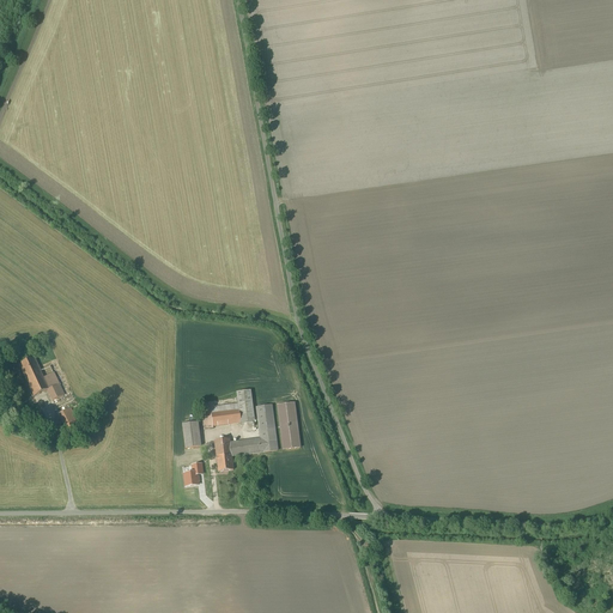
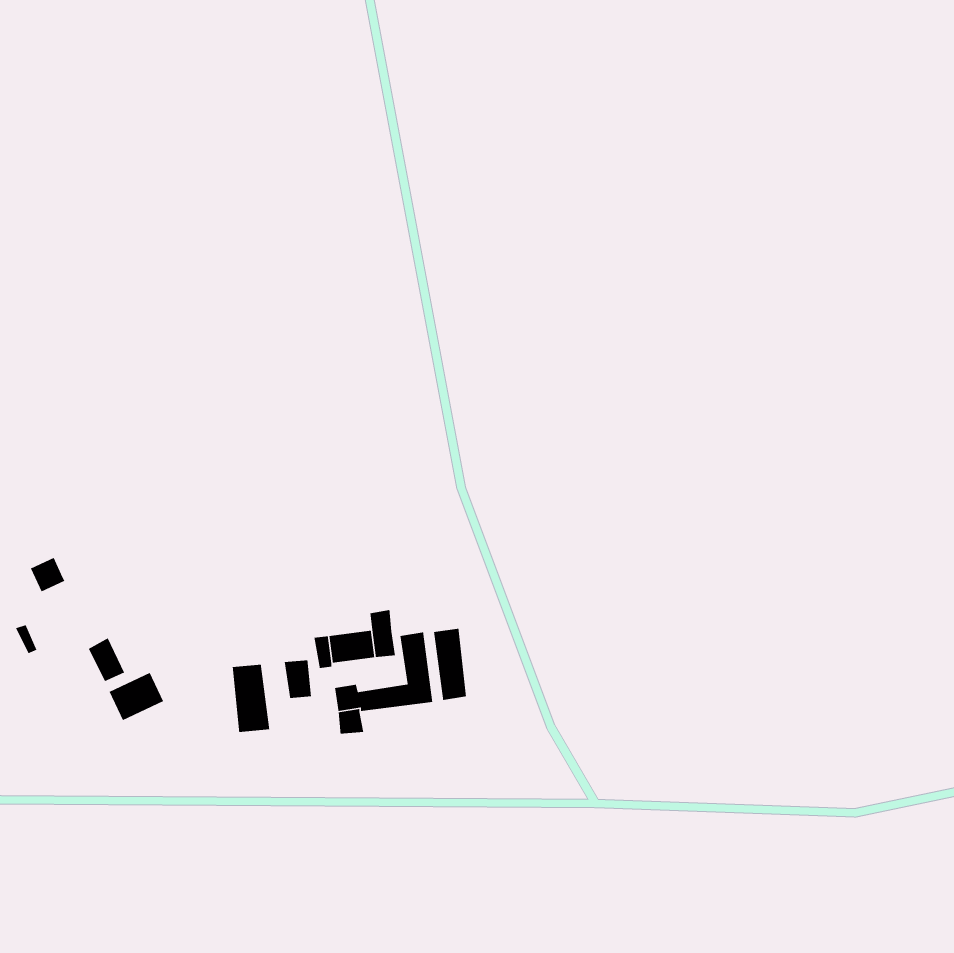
building: [26,365,63,399] -> none
building: none -> [232,664,270,733]
building: none -> [109,672,164,721]

